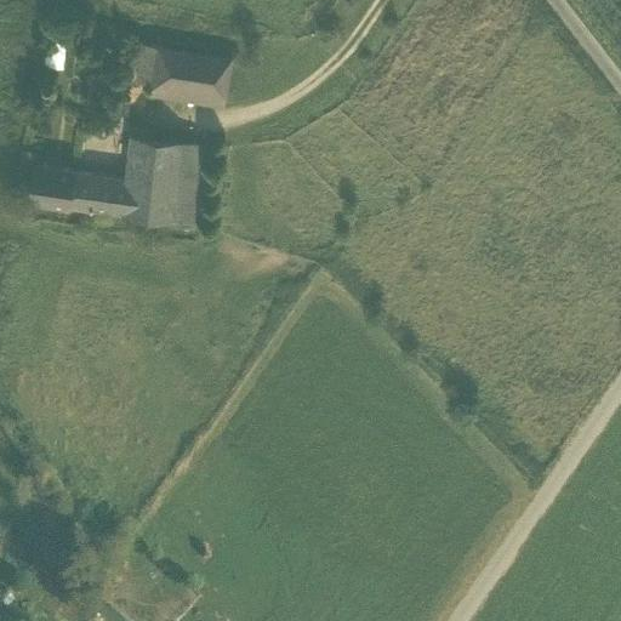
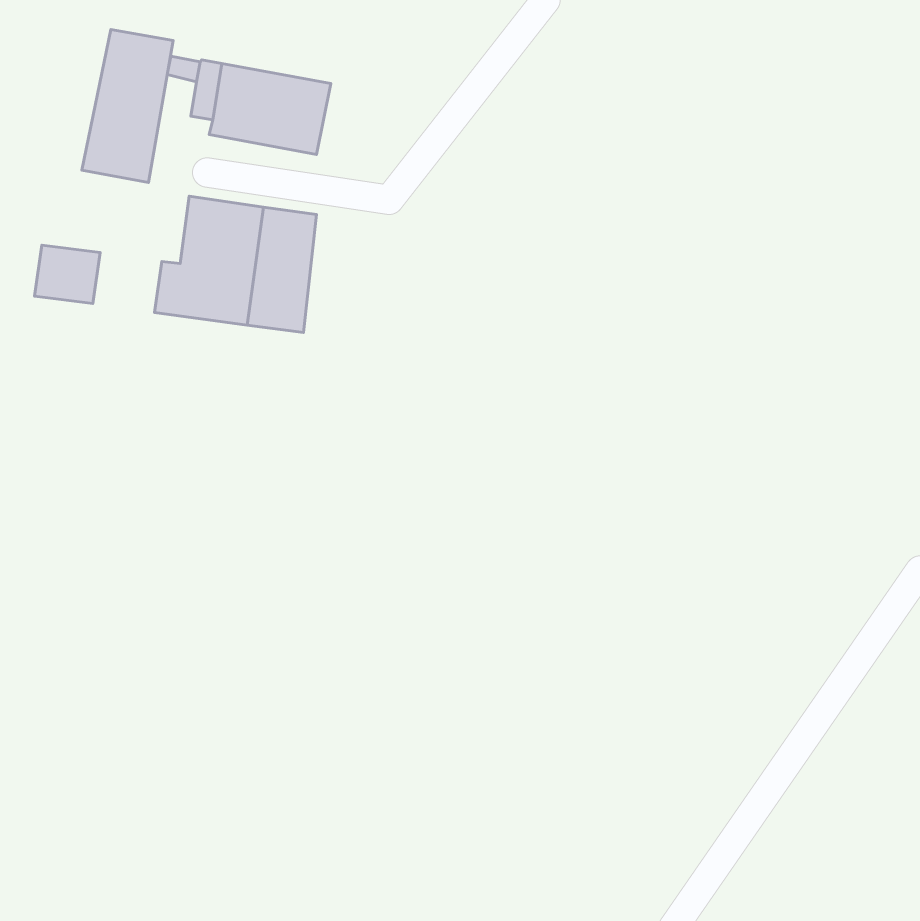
building: none -> [82,30,173,183]
building: [62,173,108,213] -> none

